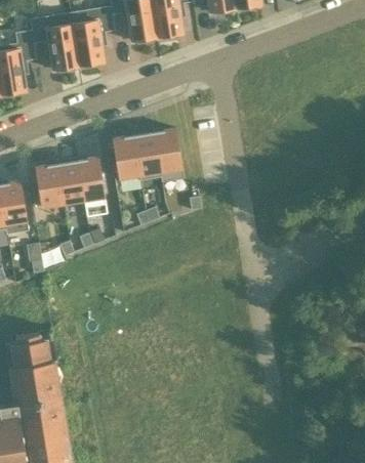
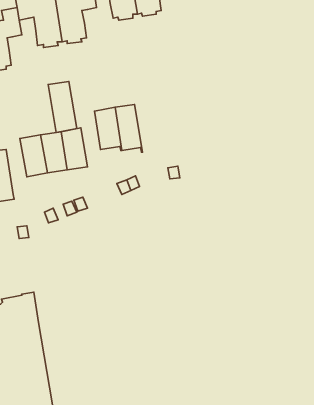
building: [154,129,184,182] -> [48,82,77,132]

